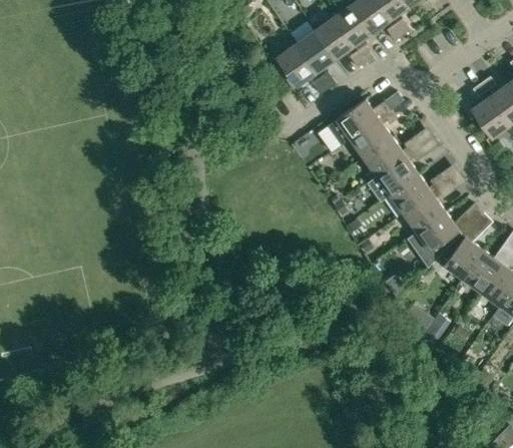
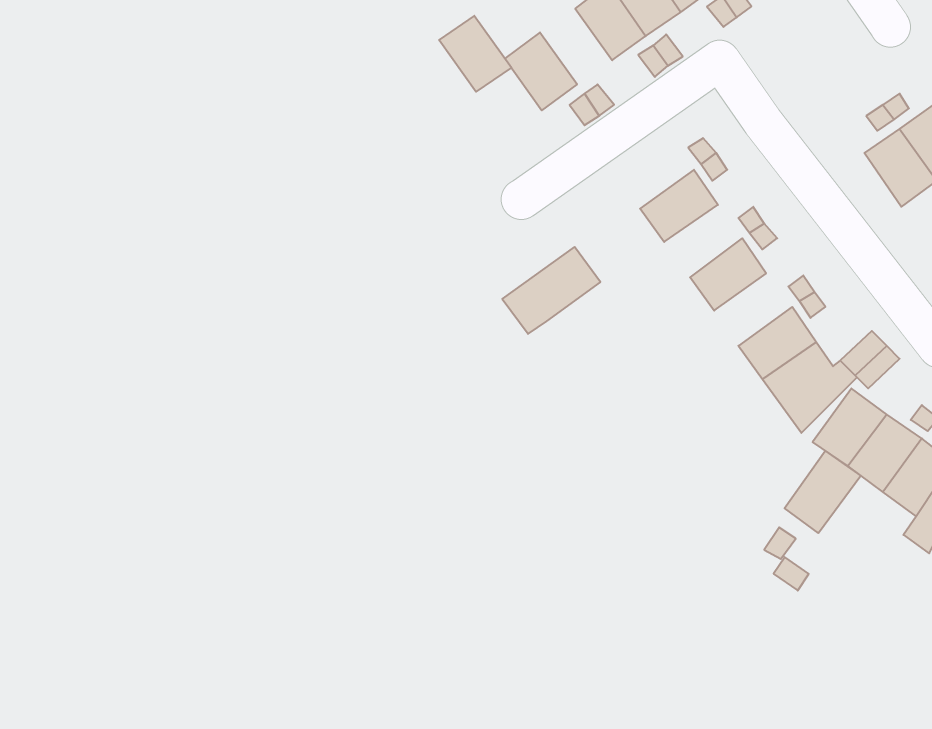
building: [296,31,335,72] -> [439,16,511,92]
building: [326,99,379,146] -> [502,247,600,334]
building: [363,137,405,176] -> none
building: [390,174,432,213] -> none
building: none -> [785,451,861,533]

